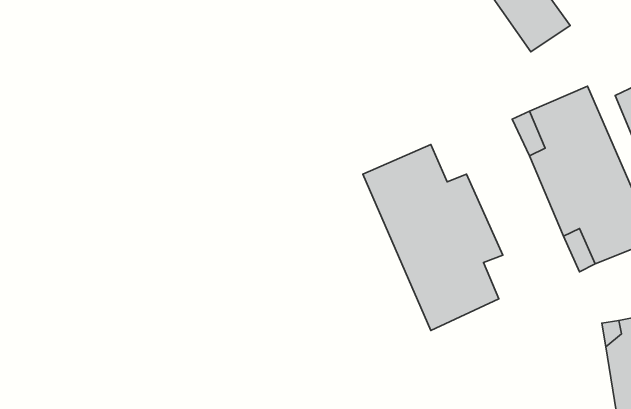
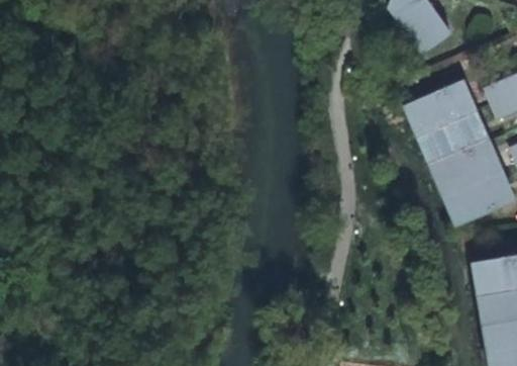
building: [363,145,503,330] -> none

